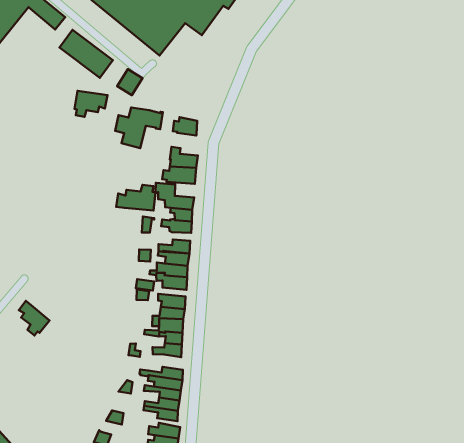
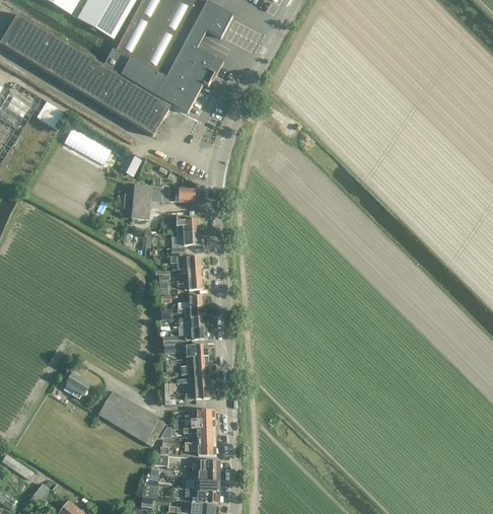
building: [75,91,107,117] -> none
building: [116,185,156,211] -> none
building: none -> [98,390,165,446]

